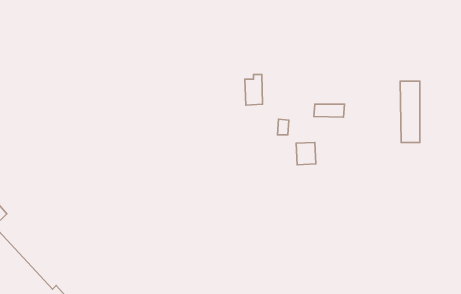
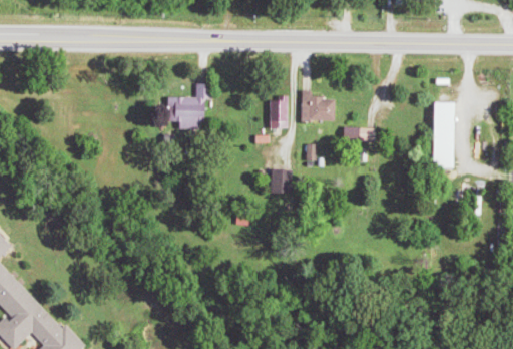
building: none -> [163,83,204,129]
building: none -> [299,90,334,121]
building: [296,142,316,165] -> [270,169,291,194]

